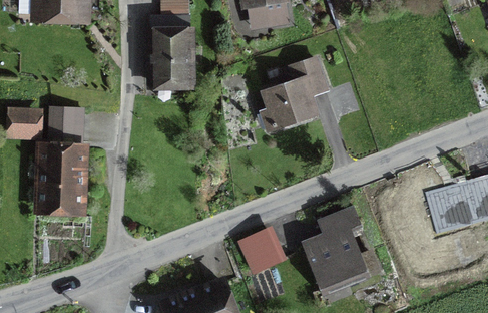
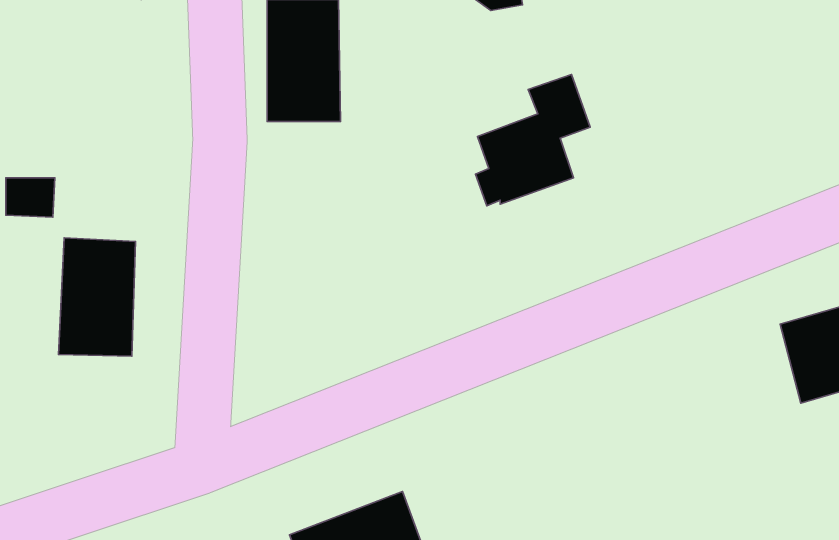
building: [52,108,84,142] -> none
building: [304,205,370,295] -> none
building: [241,230,281,271] -> none

